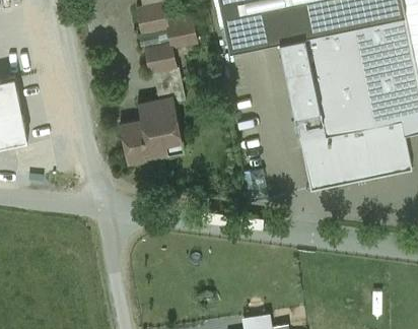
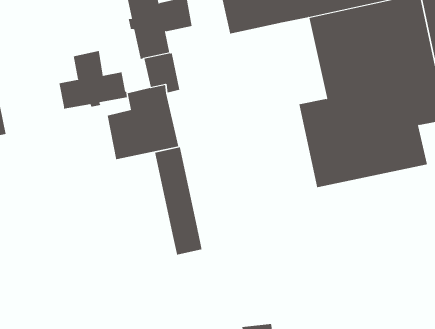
building: [278,35,319,114] -> none
building: none -> [59,50,127,109]
building: none -> [155,146,202,256]

